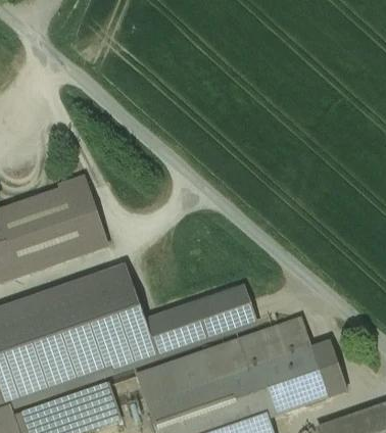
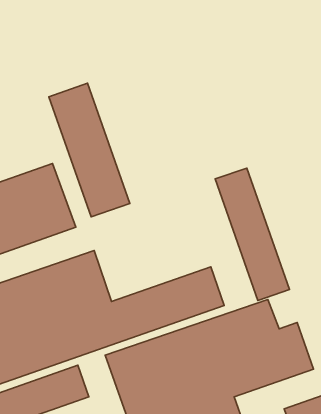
building: none -> [49,83,130,217]
building: none -> [215,168,289,300]

